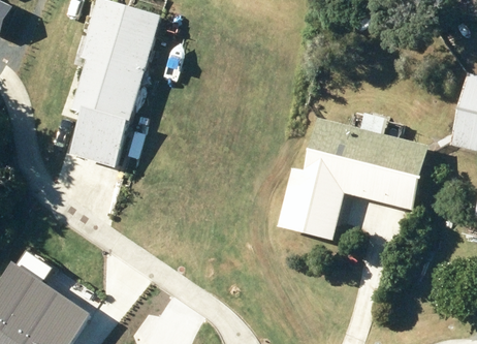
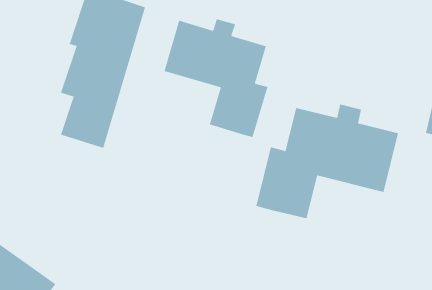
building: none -> [164,18,268,138]

